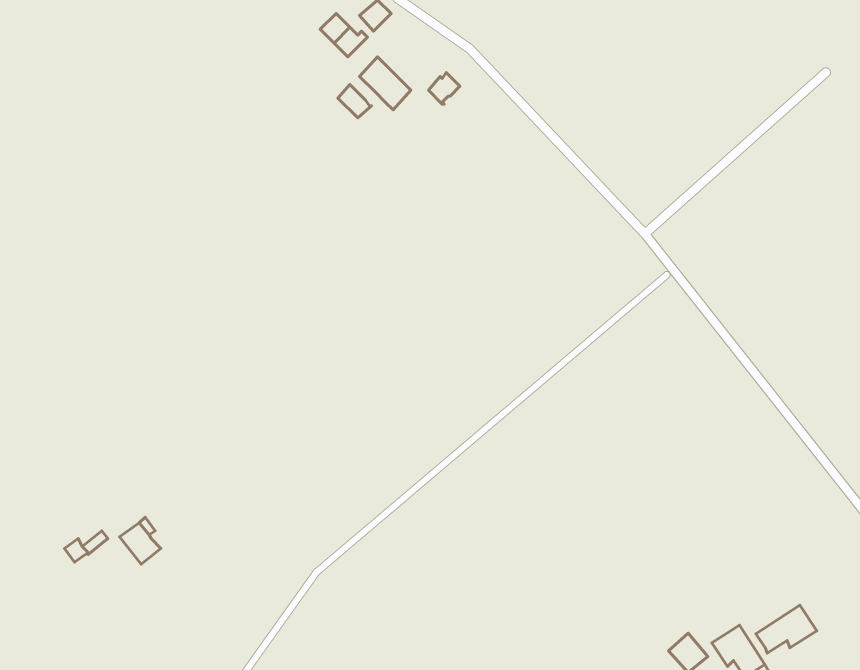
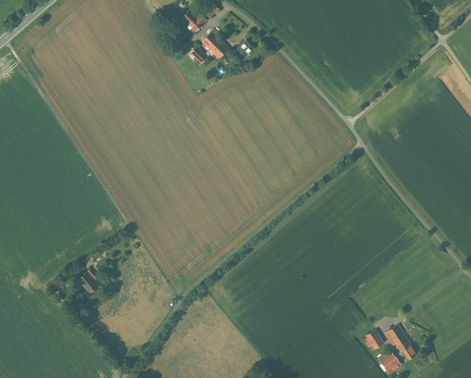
building: [756,605,817,653] -> none

